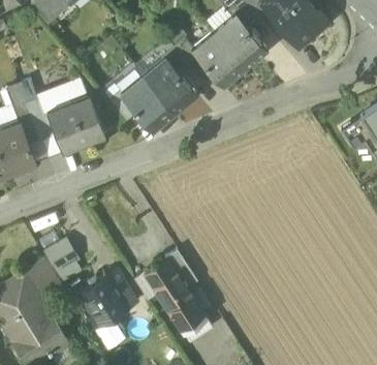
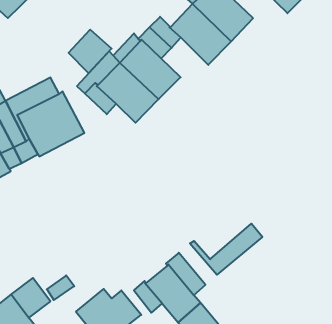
building: none -> [69,30,112,73]
building: none -> [190,224,262,275]
building: [45,237,78,270] -> none

